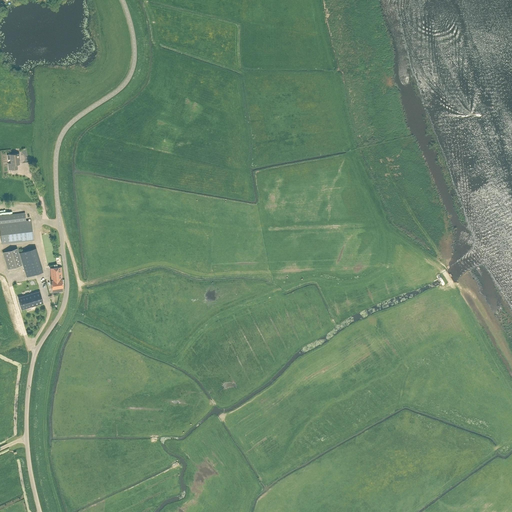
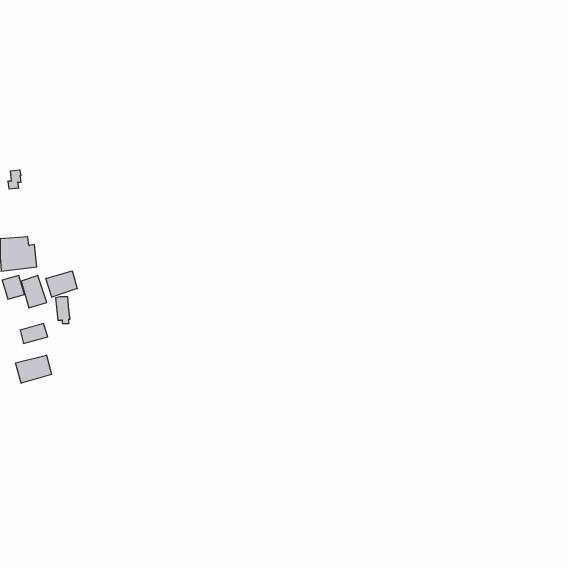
building: none -> [46,271,77,297]
building: none -> [16,355,51,383]

